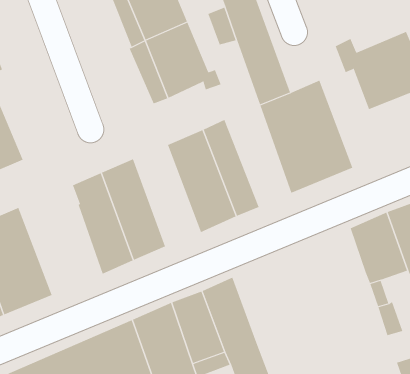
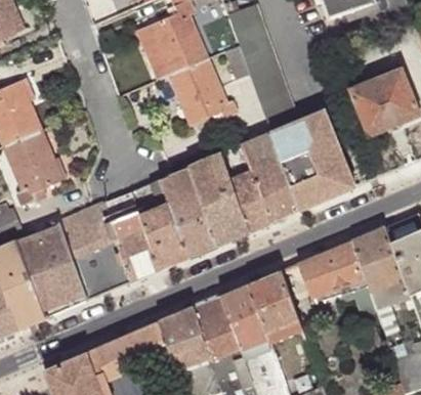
building: none -> [241,132,299,222]
building: none -> [160,167,219,257]
building: none -> [58,203,132,300]
building: none -> [297,240,365,298]
building: none -> [248,270,301,342]

